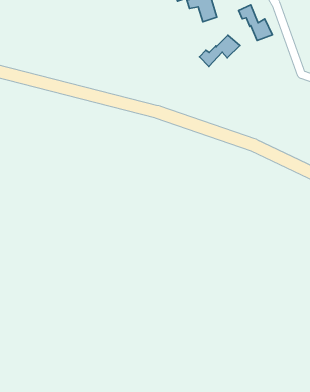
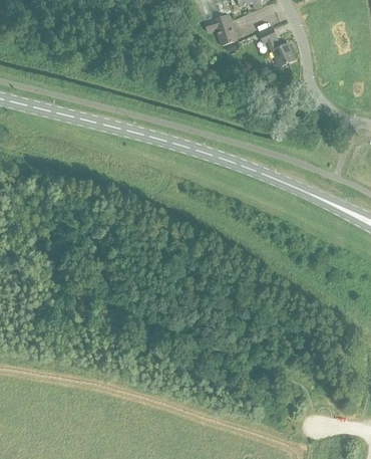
building: [199,35,240,66] -> none

